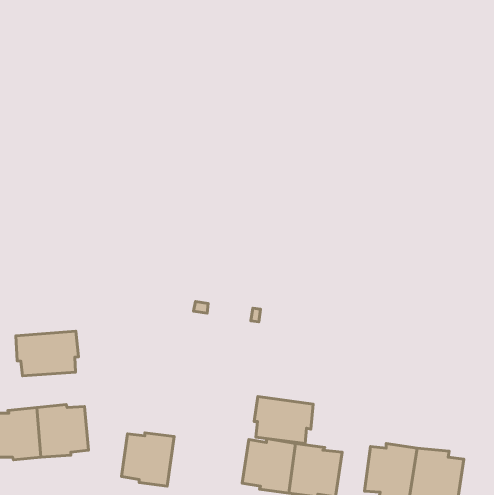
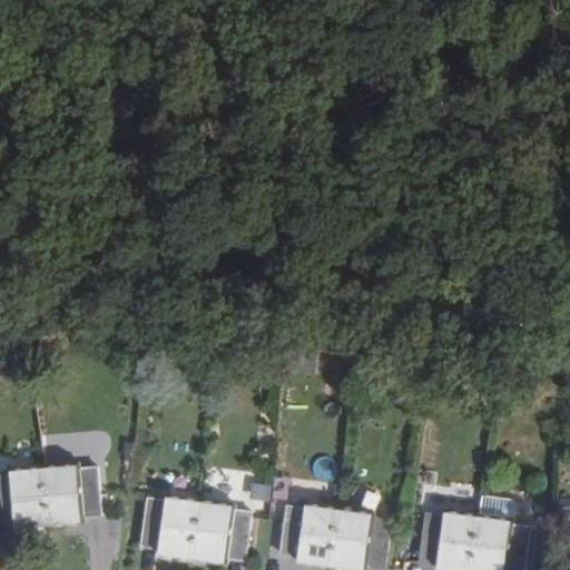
building: [16,331,78,376] -> none
building: [254,397,313,443] -> none
building: none -> [191,502,252,563]

